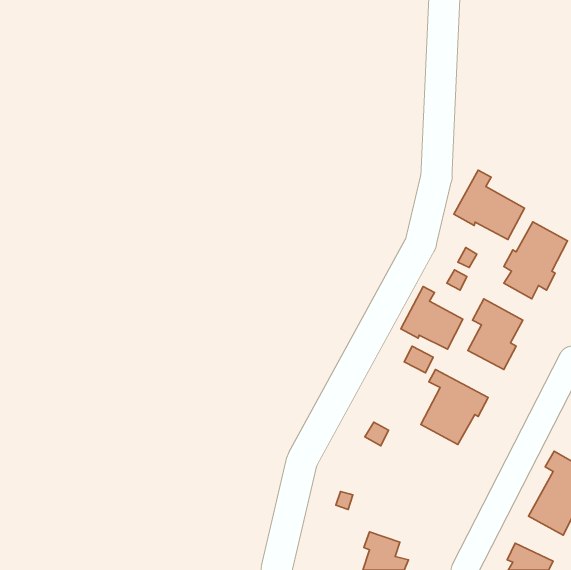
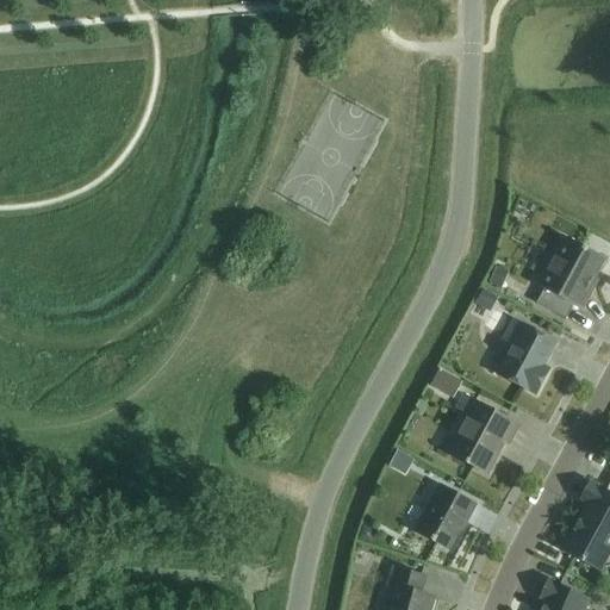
building: [454,170,525,240] -> none
building: [401,287,463,349] -> none
building: none -> [416,484,478,548]

